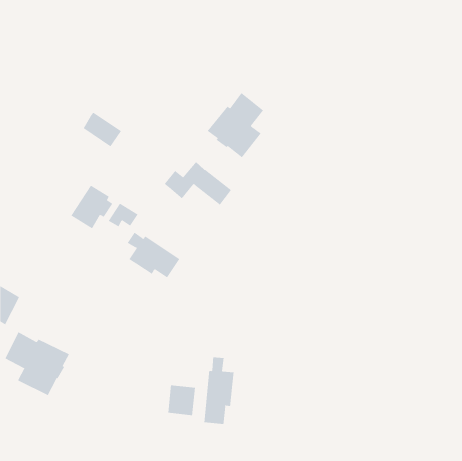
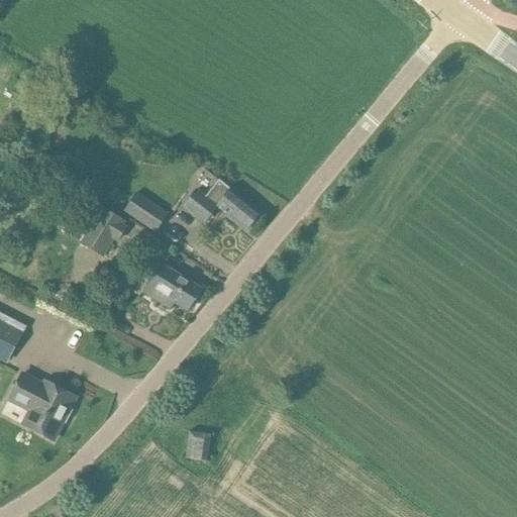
building: [207,92,264,158] -> none
building: [83,112,122,147] -> [123,192,167,231]
building: [204,357,234,425] -> none

